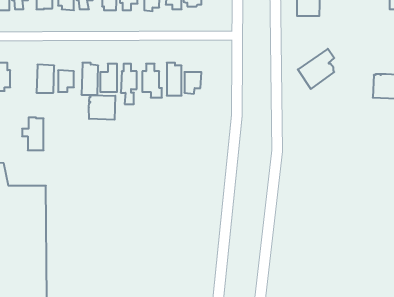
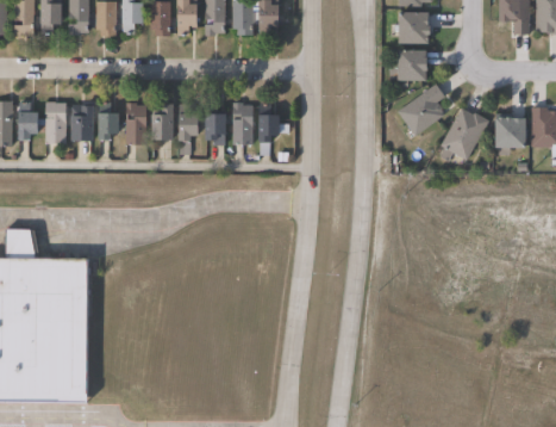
building: none -> [398,48,426,79]
building: none -> [443,107,492,160]
building: [89,95,115,120] -> none
building: [22,117,44,150] -> [38,100,65,142]

